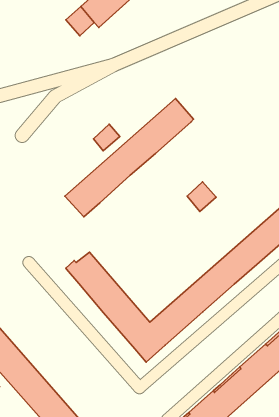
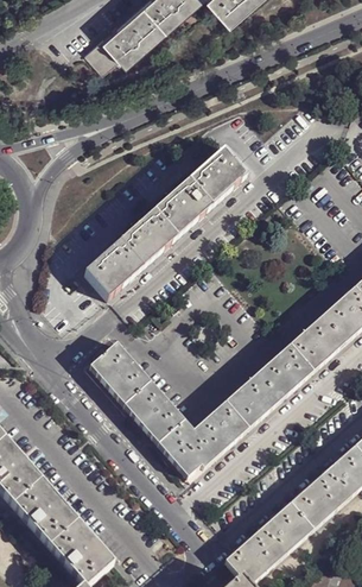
building: [93,124,120,151] -> none
building: [187,182,216,211] -> none

